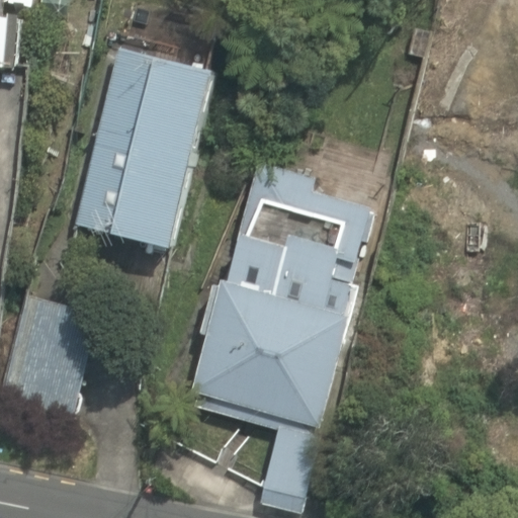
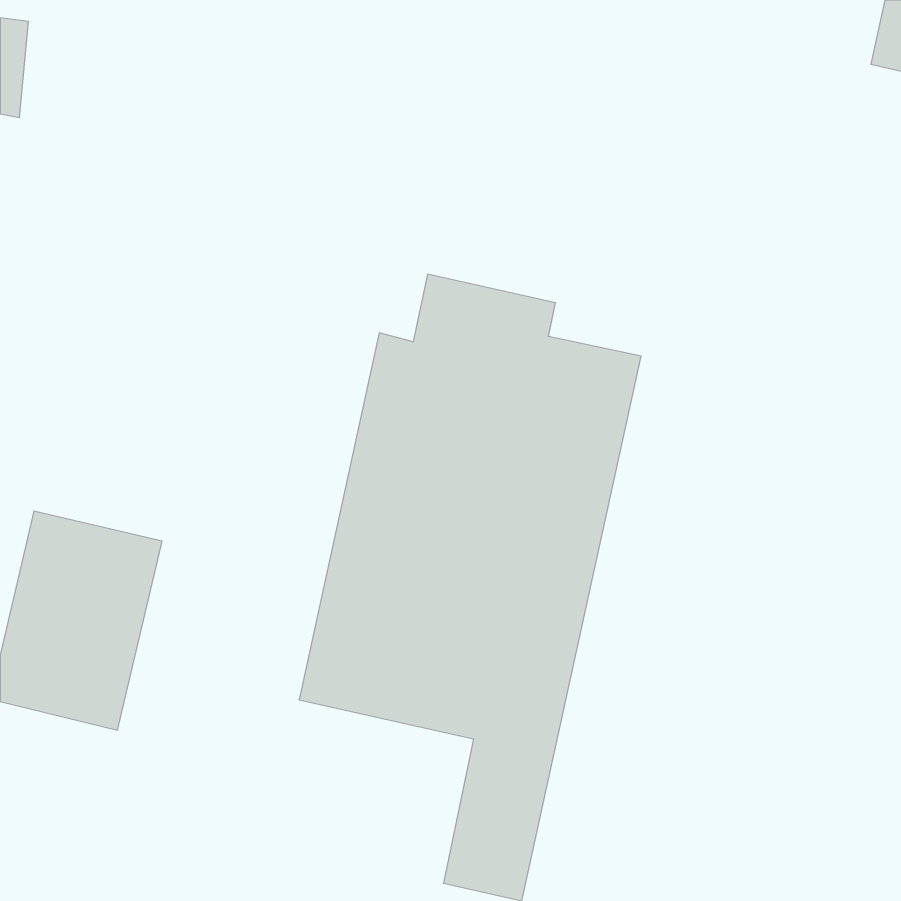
building: [81,46,223,250] -> none

